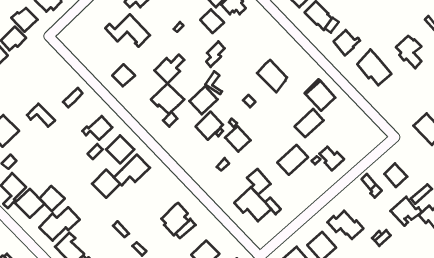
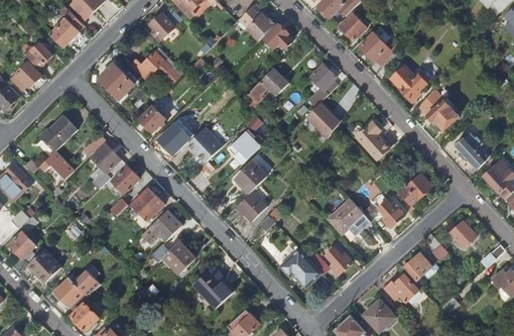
building: [200,9,224,33] -> [261,67,288,94]
building: none -> [97,63,132,99]
building: none -> [306,65,336,106]
building: [396,36,421,68] -> [456,132,485,170]
building: [154,55,184,84] -> [157,121,191,154]
building: none -> [39,115,77,151]
building: none -> [90,142,124,189]
building: [295,109,324,137] -> [398,174,431,206]
building: [225,126,251,152] -> [235,192,264,221]
building: [247,169,271,194] -> [325,245,352,274]
building: [92,170,120,198] -> [162,241,195,273]
building: [39,186,65,211] -> none
building: [390,197,421,226] -> [402,252,437,286]

